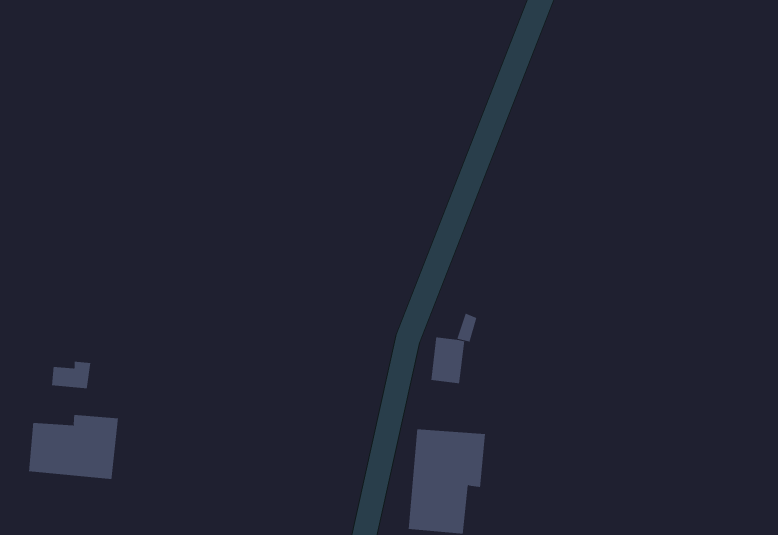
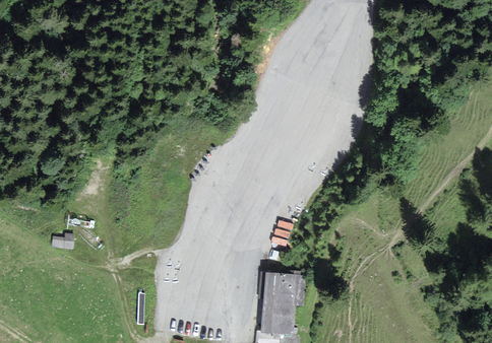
building: [28,414,118,480] -> none

